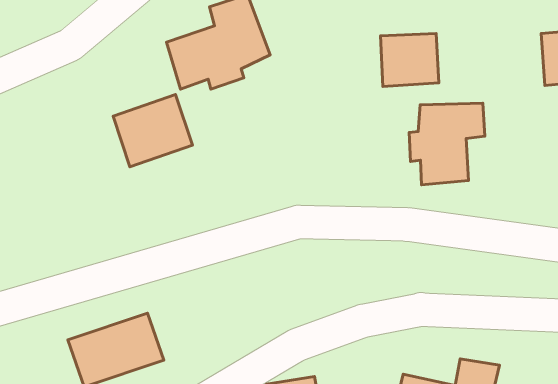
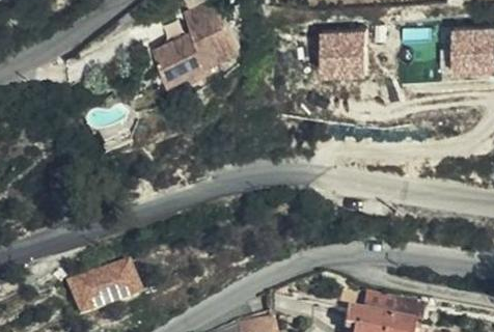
building: [113,95,192,167] -> none
building: [409,103,485,185] -> none

